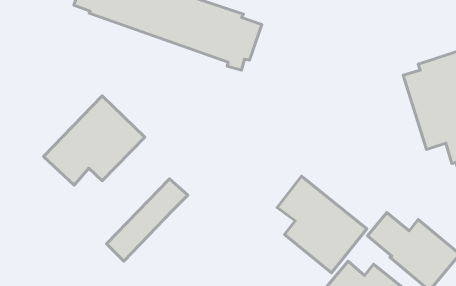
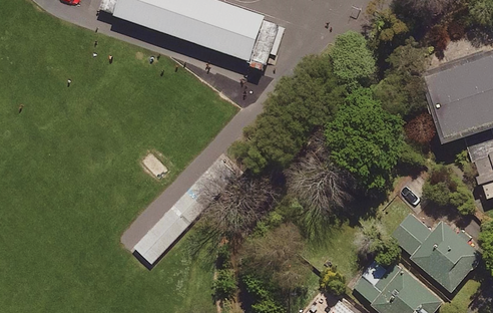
building: [43,96,145,185] -> none
building: [277,176,367,273] -> none

